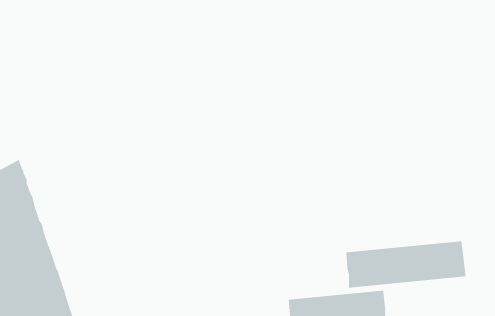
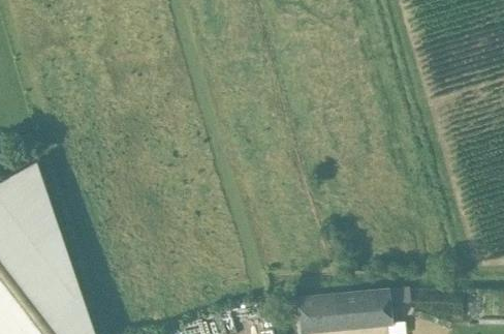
building: [345,240,467,288] -> none

